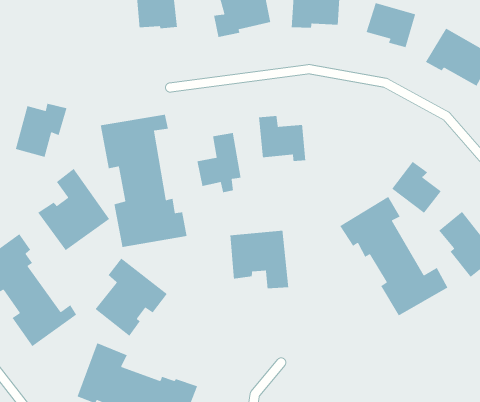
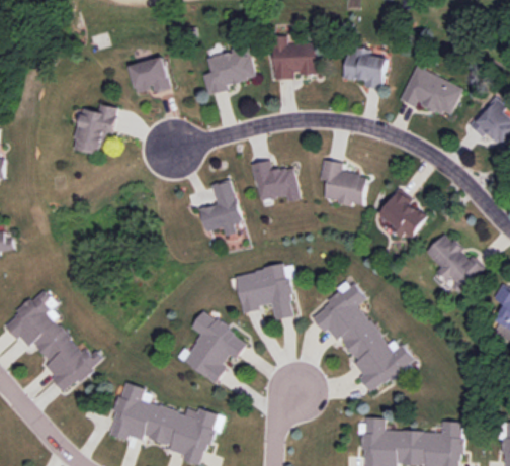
building: [15,103,67,158] -> [74,104,118,155]
building: [100,114,187,248] -> none
building: none -> [320,159,366,204]
building: [37,168,110,251] -> none
building: [339,196,449,316] -> [310,282,415,391]
building: [94,257,168,337] -> [182,310,248,382]

